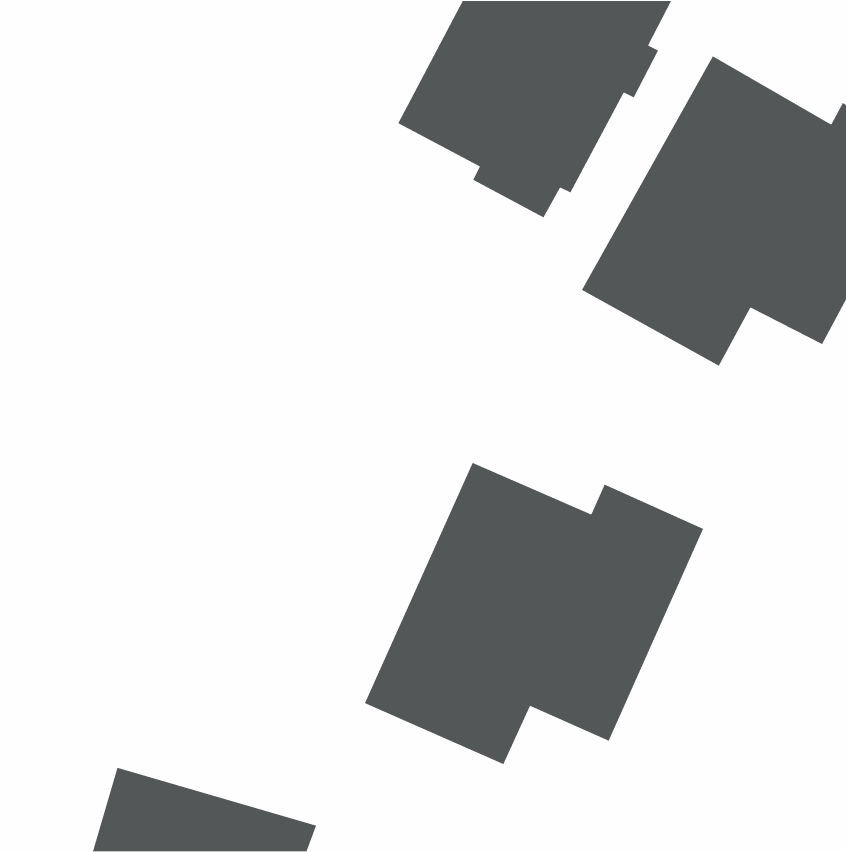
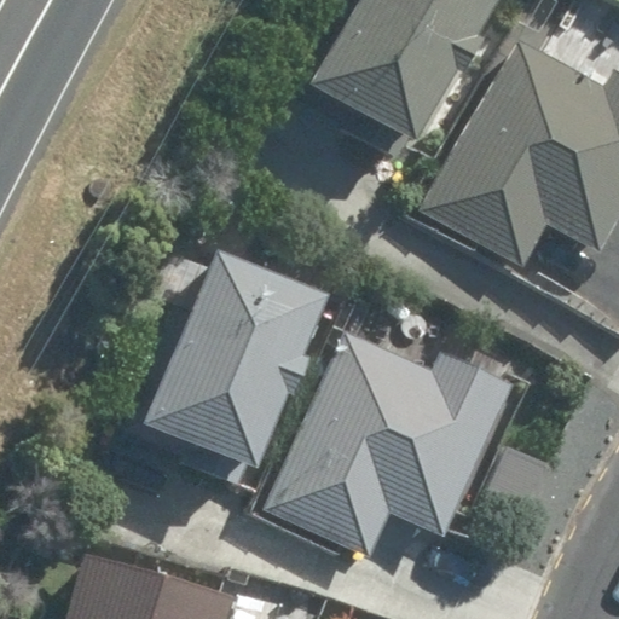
building: none -> [127,251,324,482]

